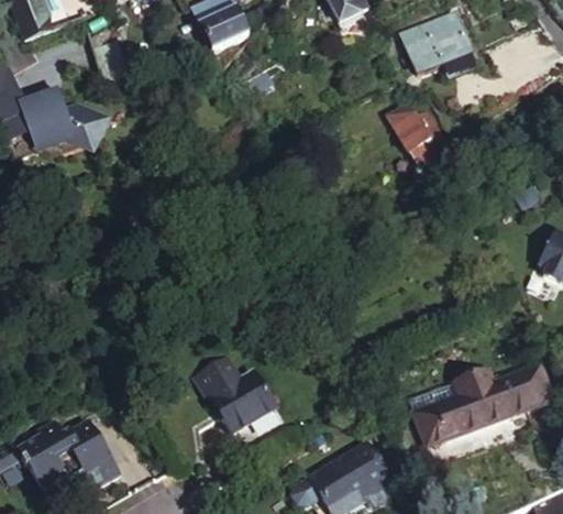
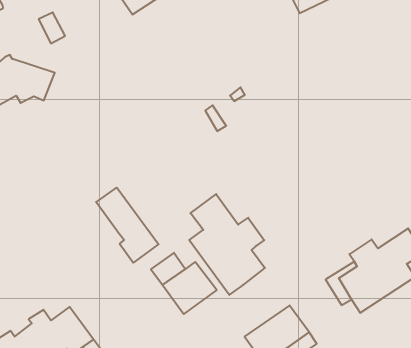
building: [389,101,441,164] -> none
building: none -> [96,188,159,263]
building: none -> [189,194,265,295]

